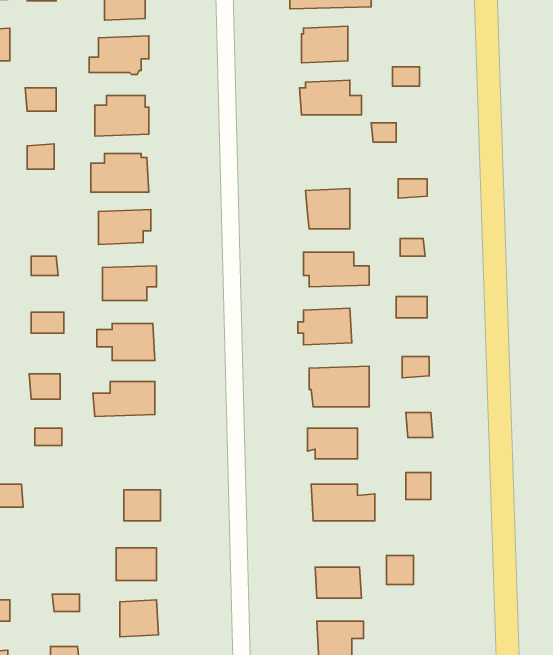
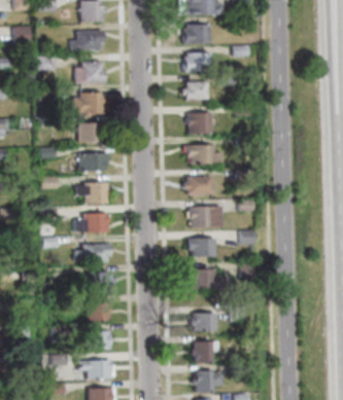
building: none -> [181,82,208,100]
building: none -> [74,244,110,261]

